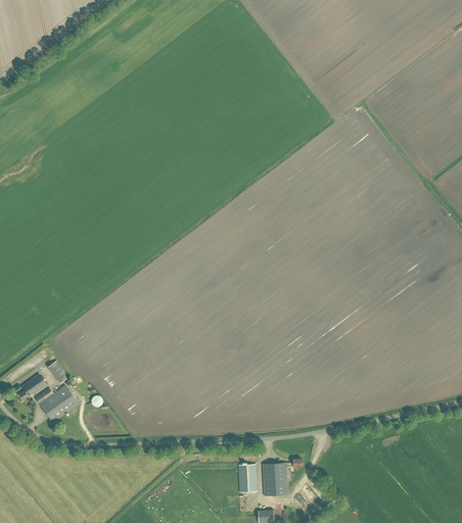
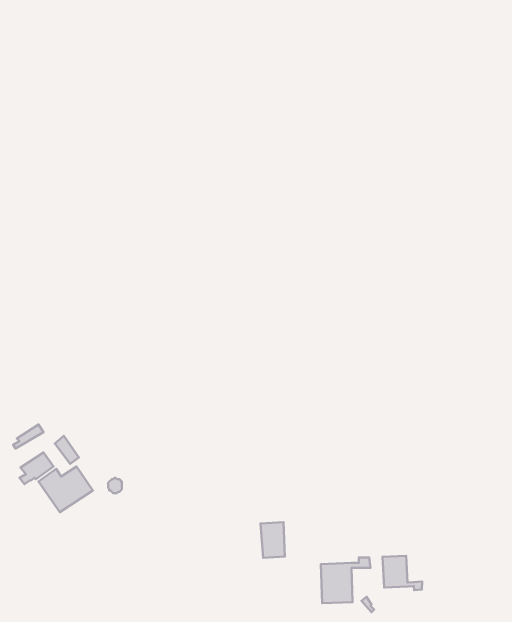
building: none -> [382,556,422,590]
building: [238,463,258,491] -> [261,522,285,558]

